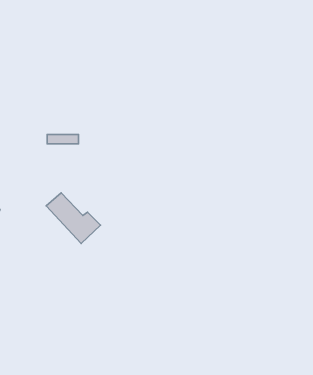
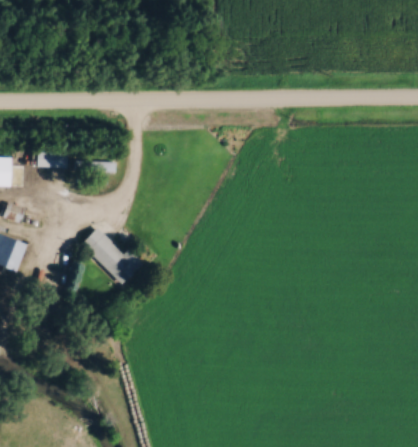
building: none -> [41,148,69,167]

